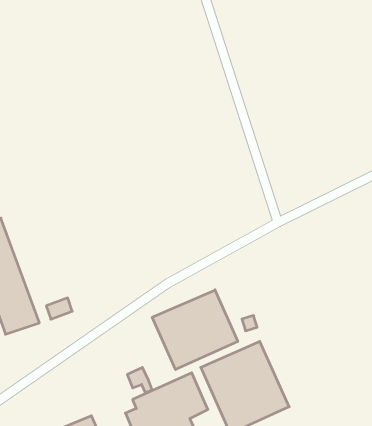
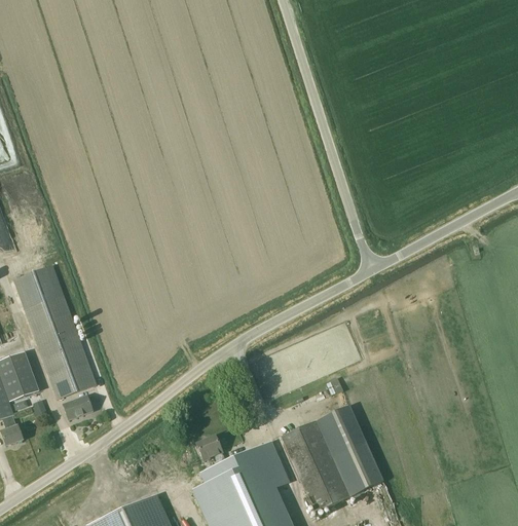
building: [152,290,238,370] -> none
building: [46,298,72,319] -> [63,396,92,420]

